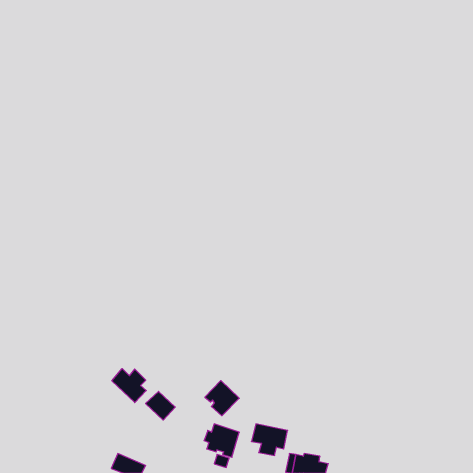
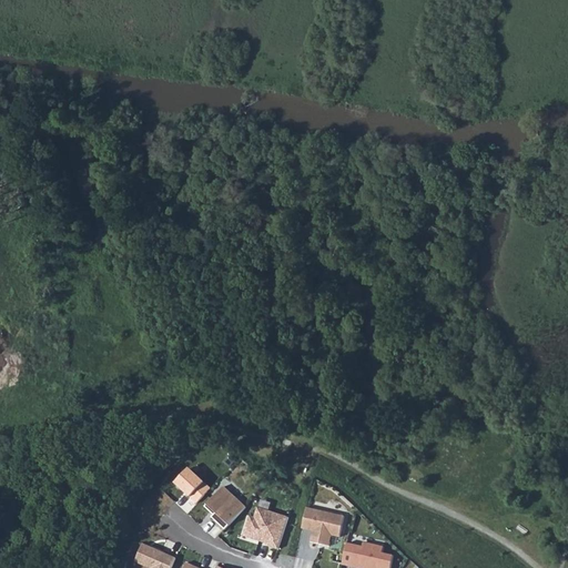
building: [112,369,146,403] -> none
building: [205,381,239,416] -> [204,486,245,528]

